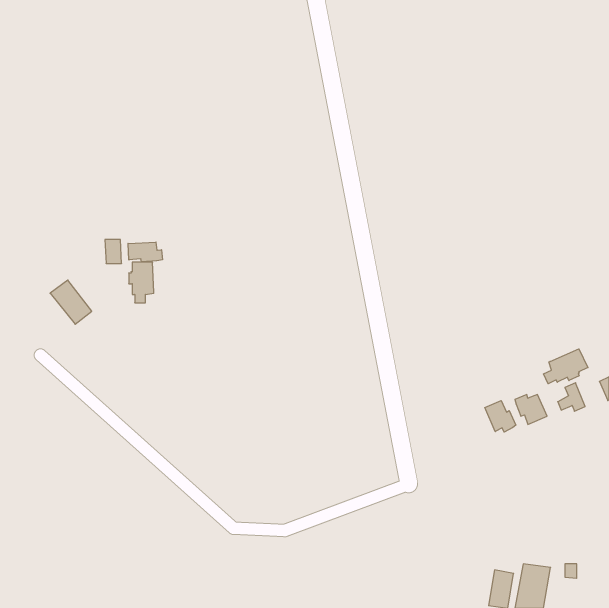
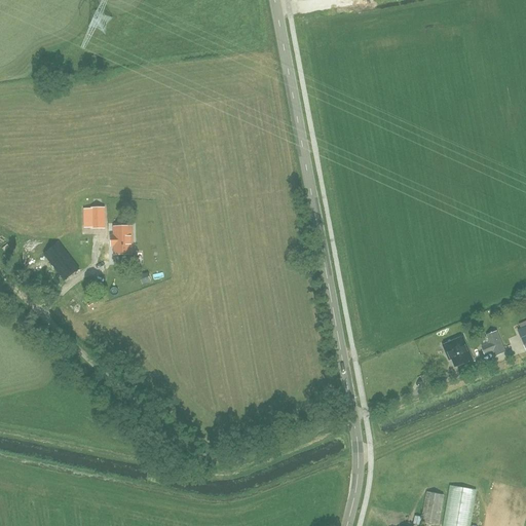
building: [128,242,162,262] -> none
building: [543,349,588,384] -> none
building: [485,401,516,432] -> none

